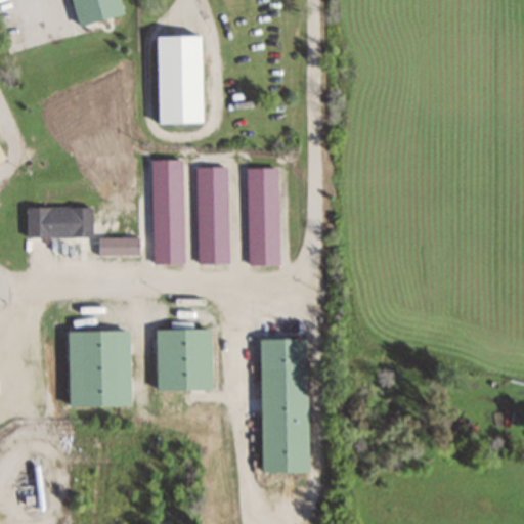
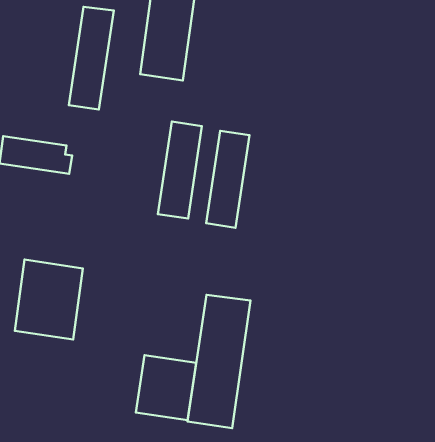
building: [154,160,185,264] -> [69,7,114,110]
building: [101,237,140,255] -> none
building: [158,330,212,390] -> [136,355,196,420]

